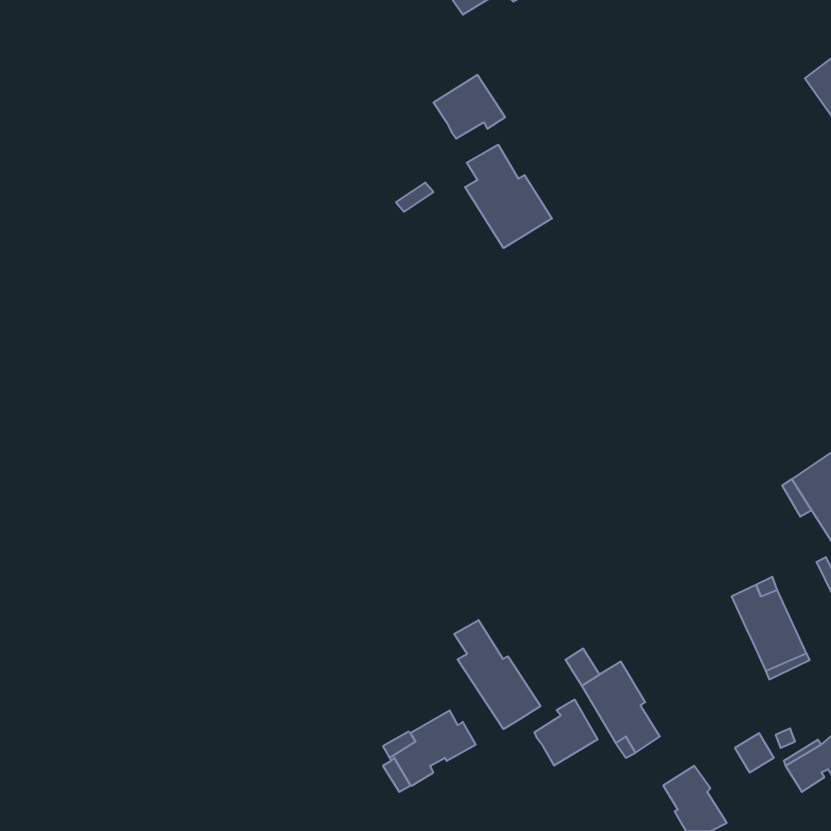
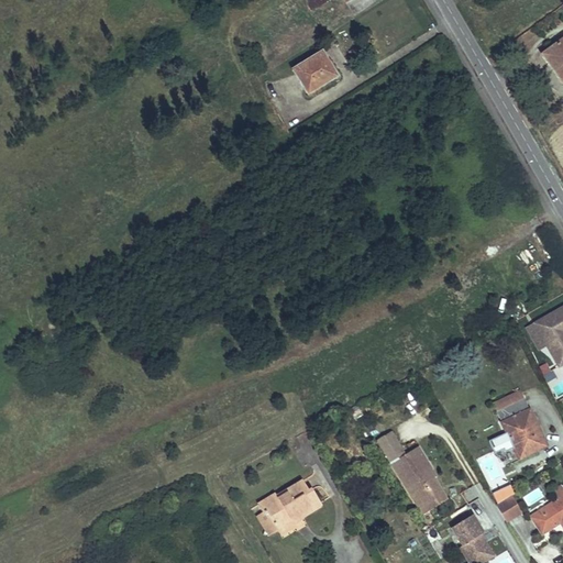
building: [465,145,552,248] -> none
building: [454,620,540,729] -> none
building: [534,700,598,766] -> none

